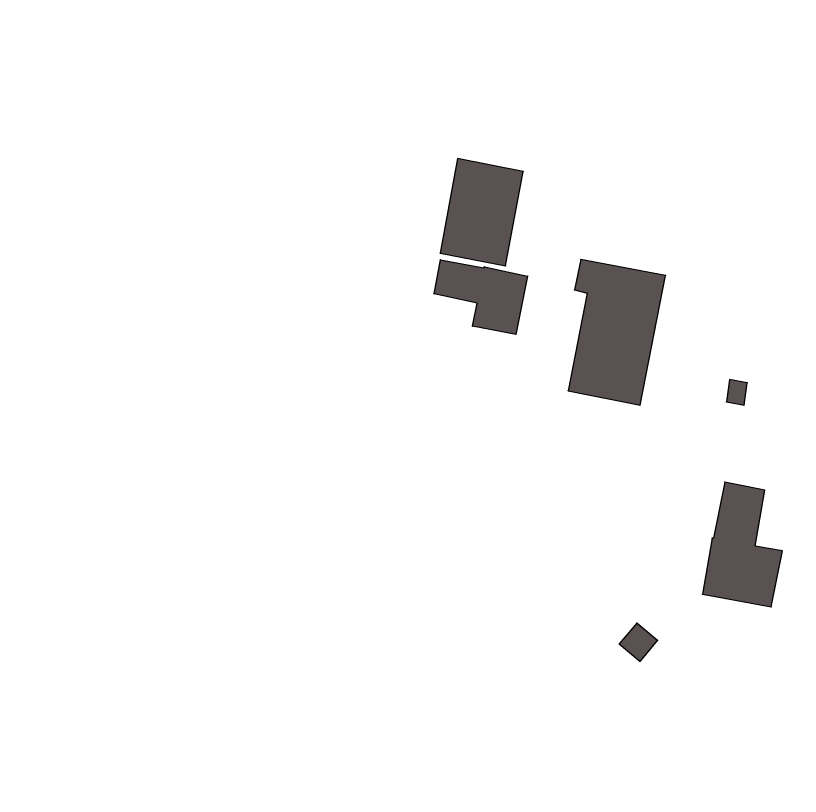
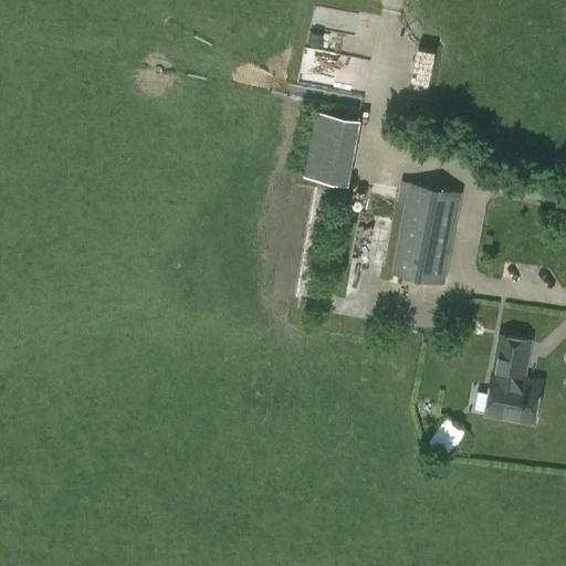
building: [434,260,528,334] -> none

